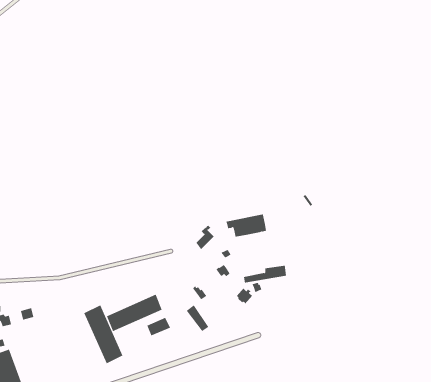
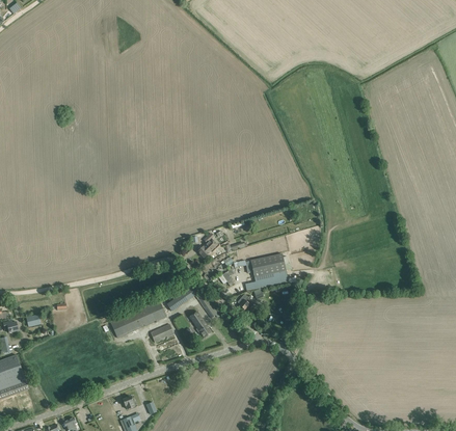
building: [225,214,267,237] -> [244,253,285,276]
building: [83,305,123,364] -> none

